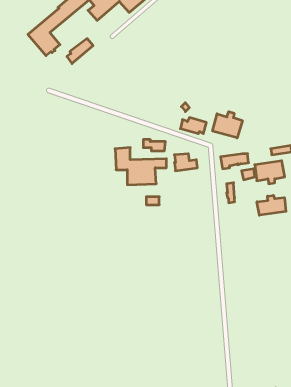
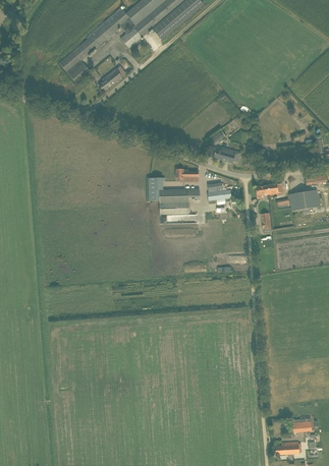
building: [213,112,242,138] -> none
building: [257,195,286,215] -> none

